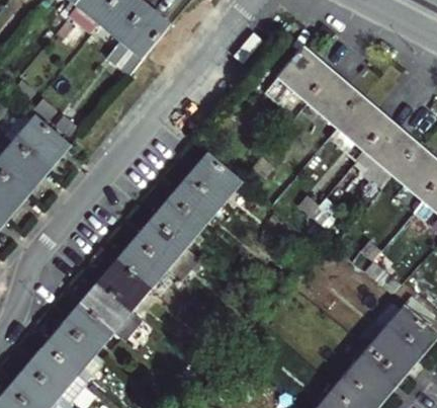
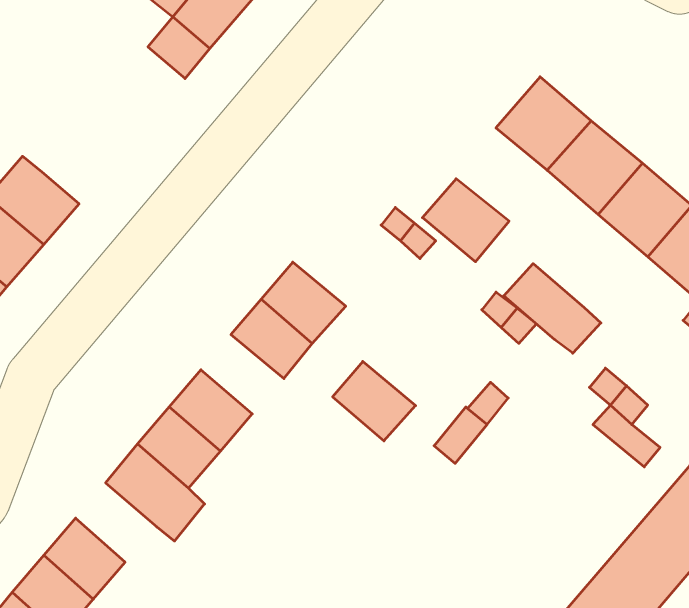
building: [277,46,332,100] -> none
building: [190,155,240,202] -> [422,179,509,262]
building: none -> [504,264,601,353]
building: [138,219,185,264] -> [333,361,416,441]
building: [66,304,112,349] -> none

